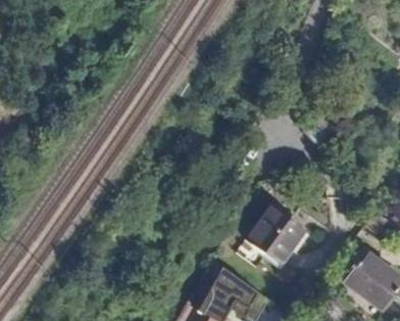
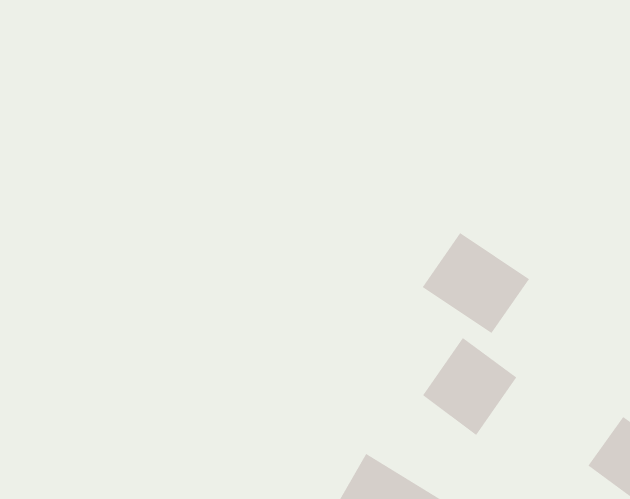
building: none -> [422,232,530,334]

